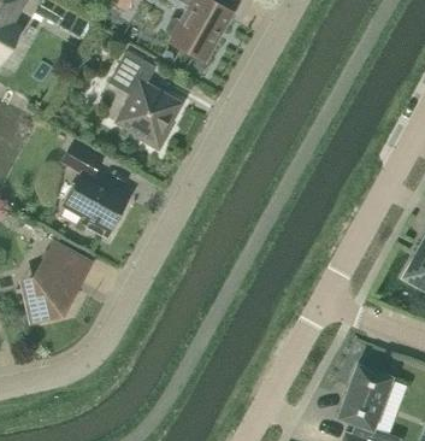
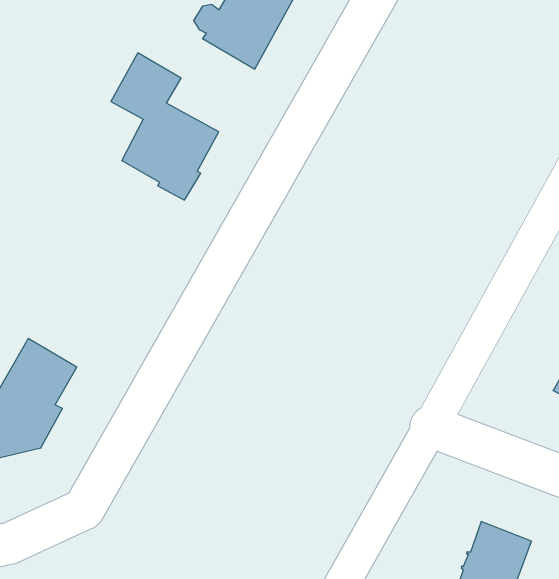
building: [63,143,129,236] -> none

